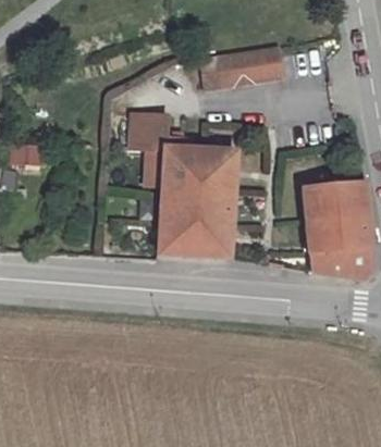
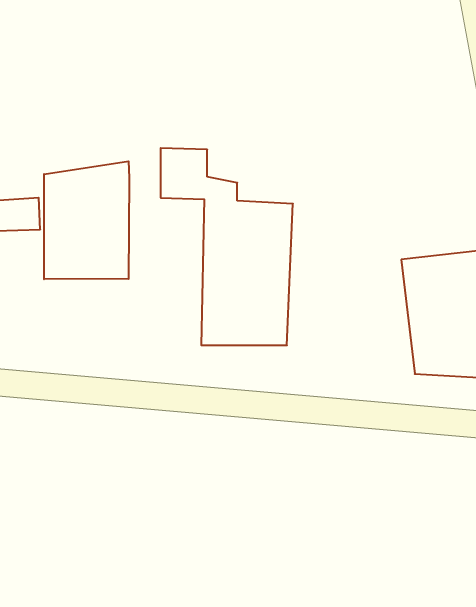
building: [198,50,284,97] -> none
building: none -> [44,161,129,279]

